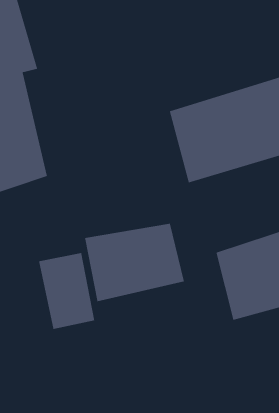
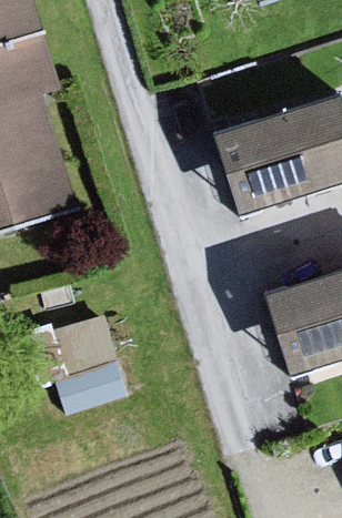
building: [84,223,185,302] -> none

